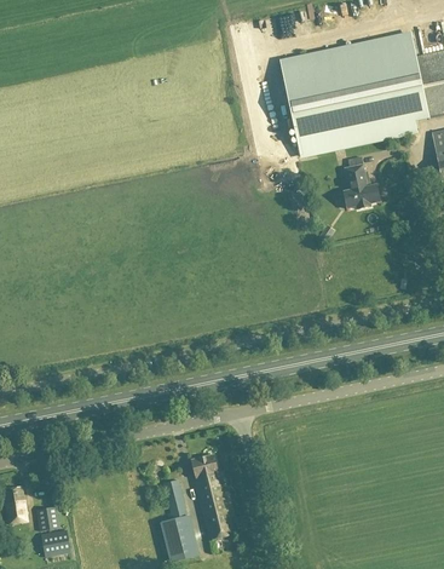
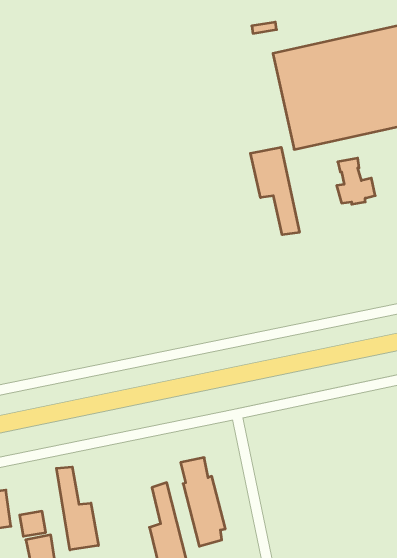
building: none -> [250,147,299,235]
building: none -> [56,467,98,550]

